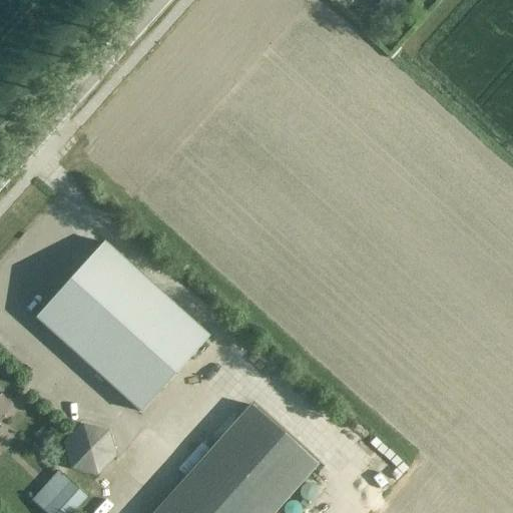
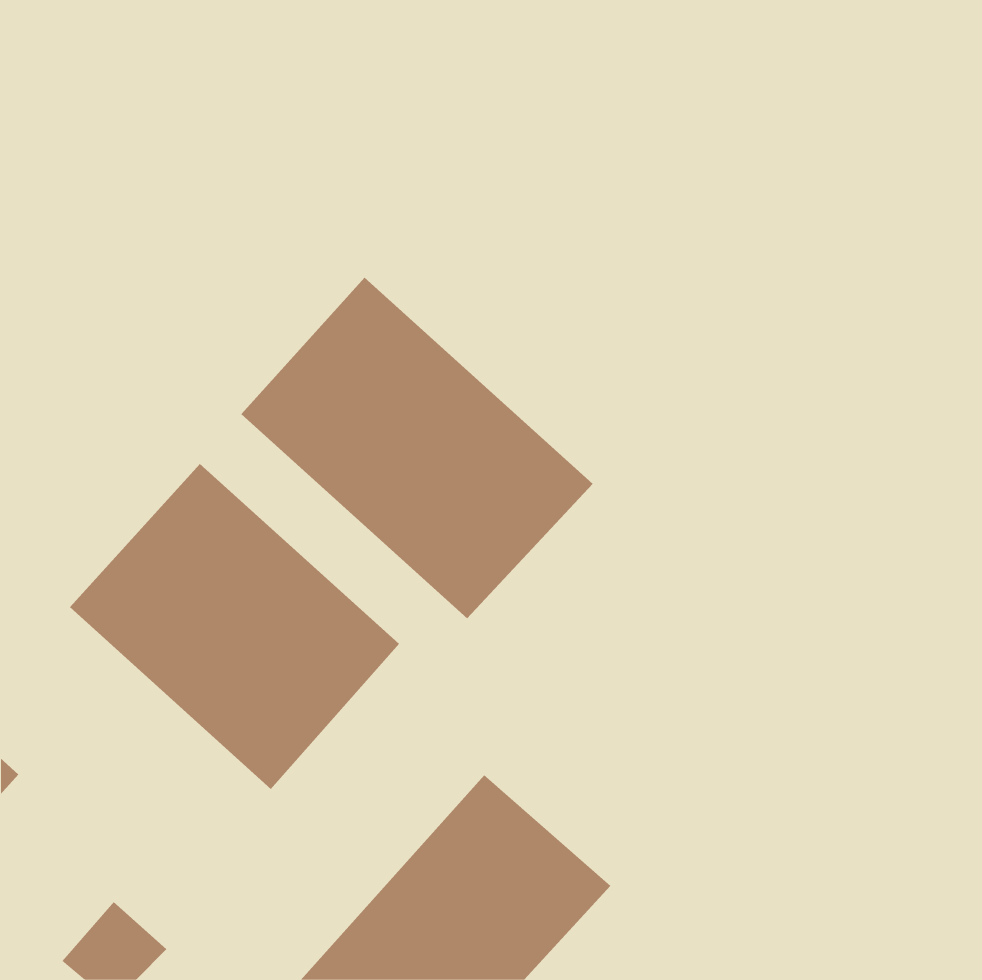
building: none -> [241,277,593,619]
building: [64,424,116,476] -> none

